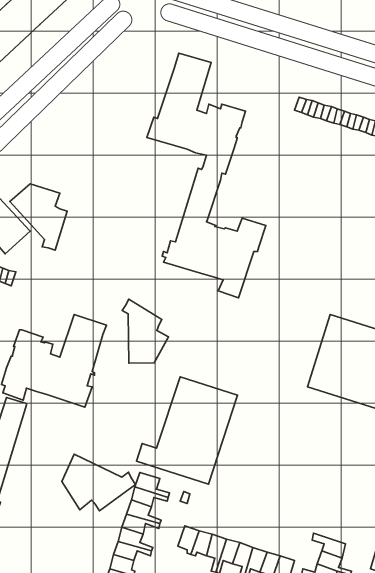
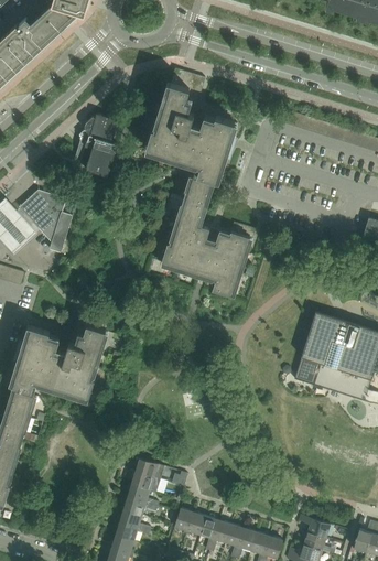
building: none -> [84,115,118,177]
building: [122,299,168,363] -> none
building: [137,377,238,484] -> none
building: [62,454,136,511] -> none

